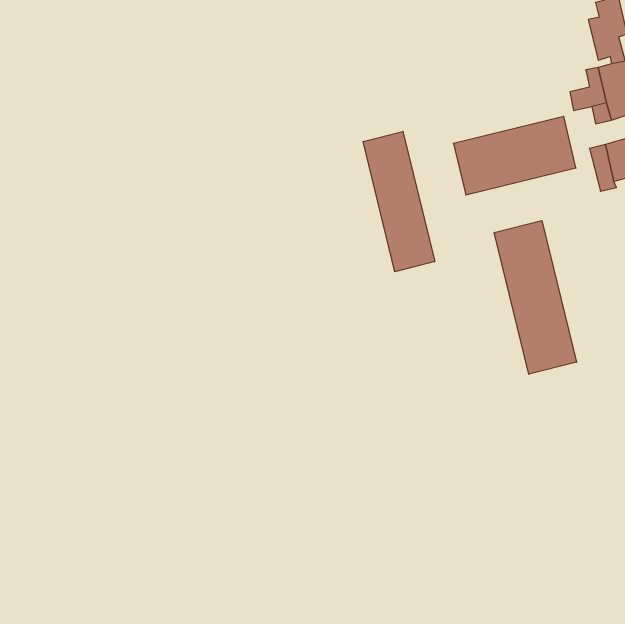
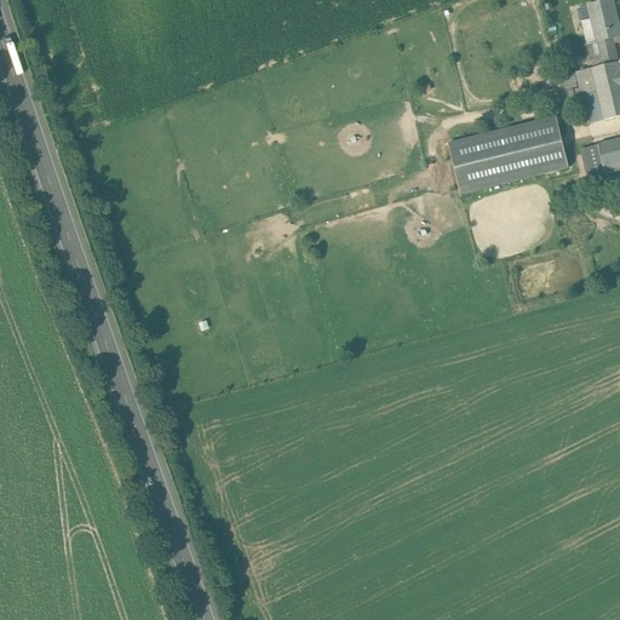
building: [363,131,435,272] -> none
building: [494,221,576,374] -> none

